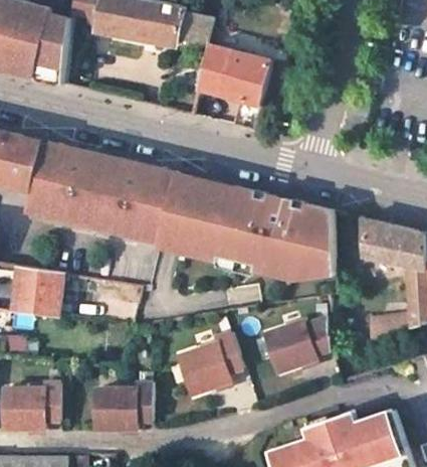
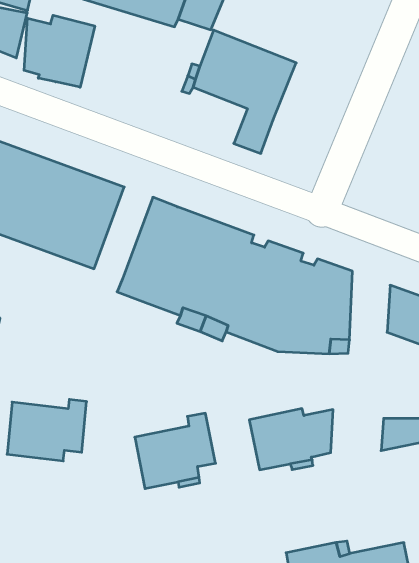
building: none -> [24,15,95,87]
building: [138,169,175,238] -> none
building: [97,380,154,427] -> [7,399,87,461]

